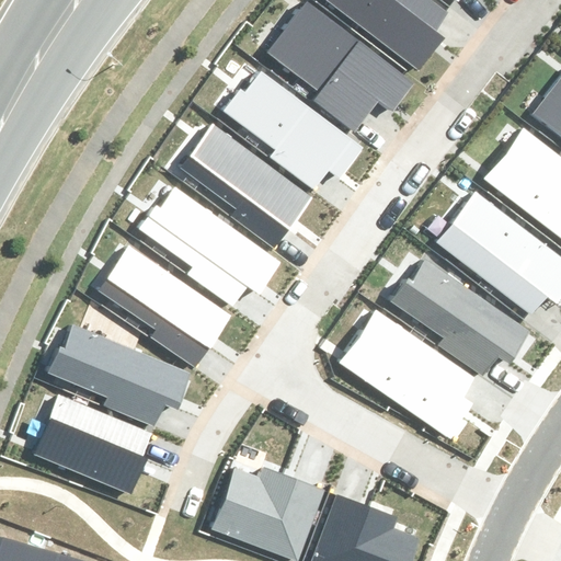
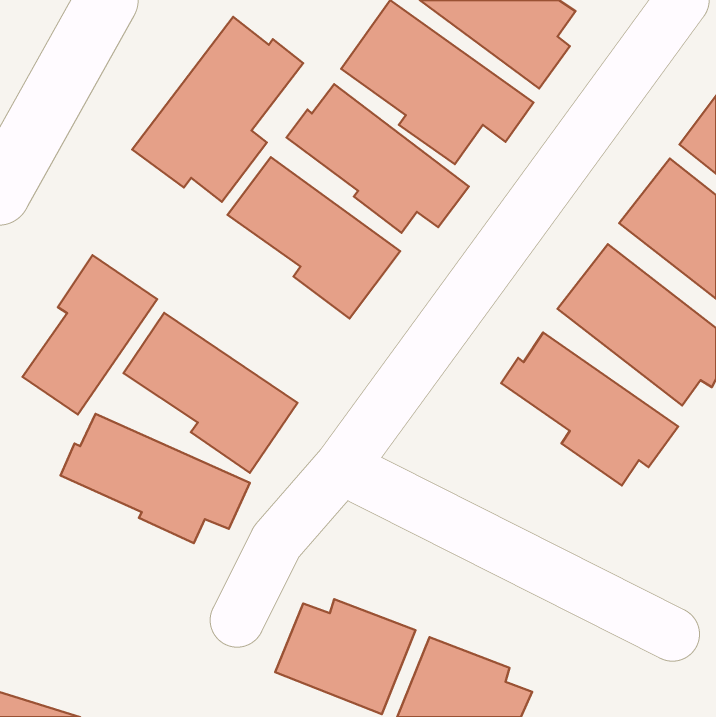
building: none -> [132,17,303,202]
building: [137,187,279,302] -> none
building: none -> [23,255,157,415]
building: [342,312,480,438] -> none
building: [34,400,151,491] -> none

